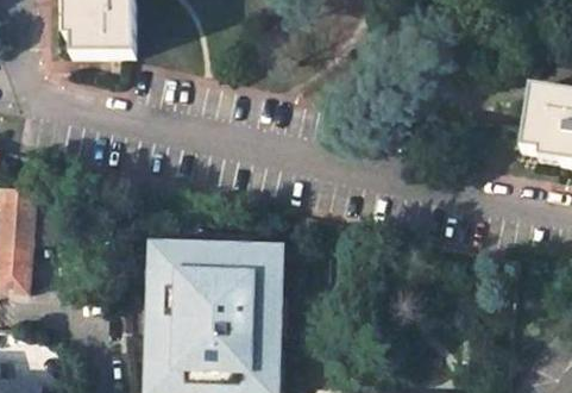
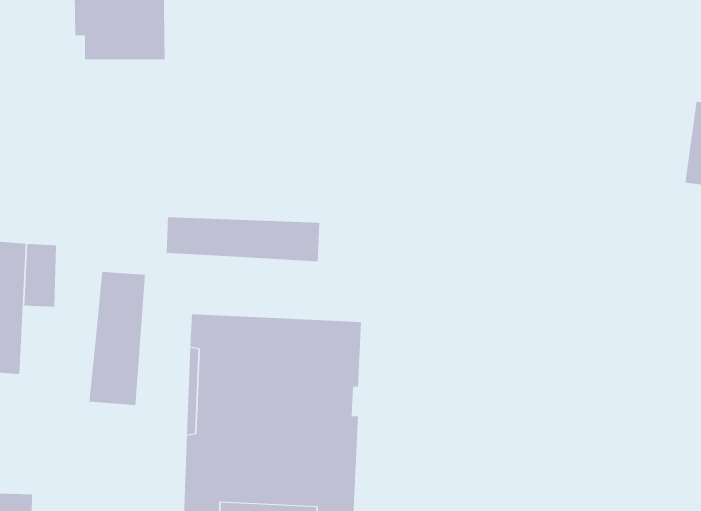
building: none -> [166,217,320,262]
building: none -> [89,271,145,406]

